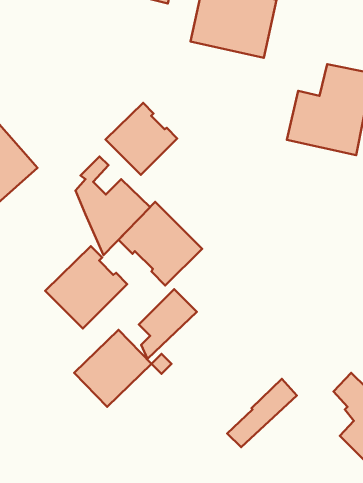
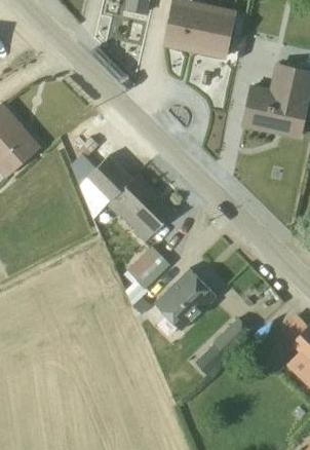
building: [106,103,177,175] -> none
building: [45,246,127,329] -> none
building: [74,330,151,407] -> [154,268,217,331]

